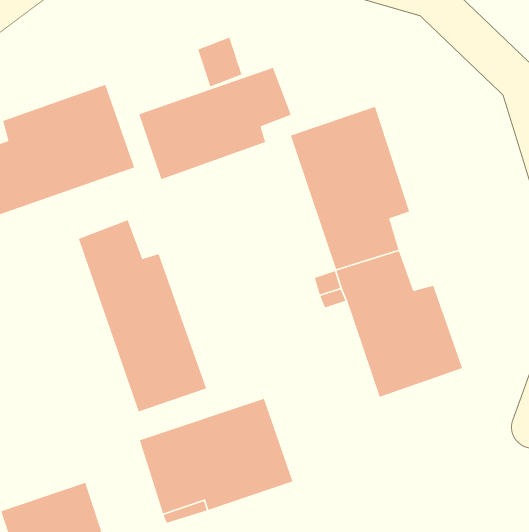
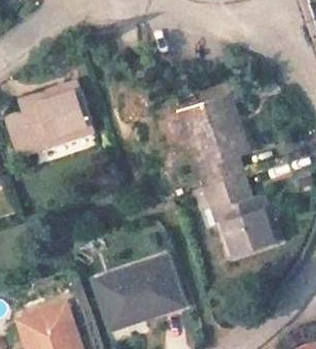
building: [138,67,292,180] -> none
building: [78,219,207,413] -> none

